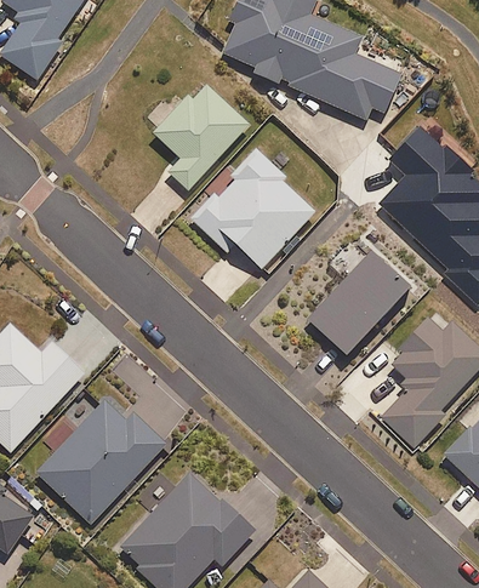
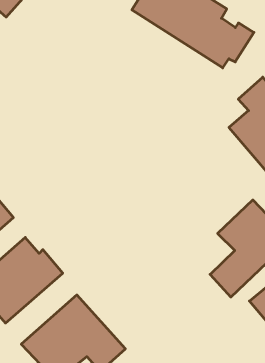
building: [143,76,245,188] -> none
building: [188,147,312,267] -> none
building: [308,251,411,355] -> none

